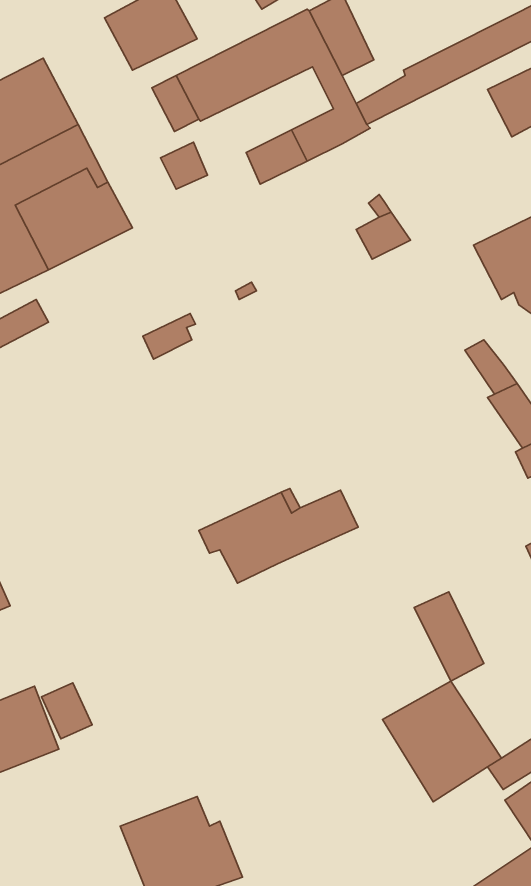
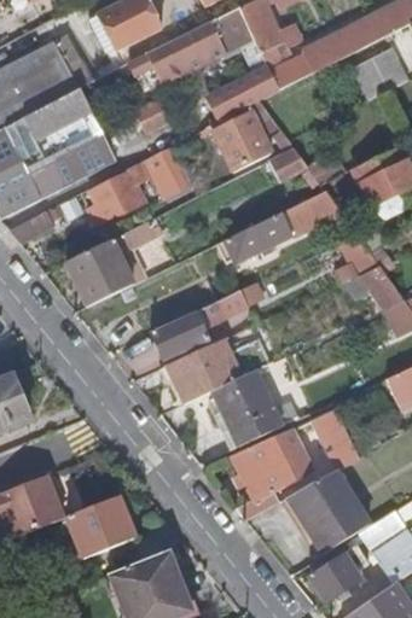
building: none -> [213,110,271,170]
building: none -> [85,145,192,225]
building: none -> [217,191,341,262]
building: none -> [65,239,133,305]
building: none -> [151,290,250,358]
building: none -> [215,371,282,445]
building: none -> [233,428,313,519]
building: none -> [65,497,133,559]
building: none -> [309,543,370,601]

